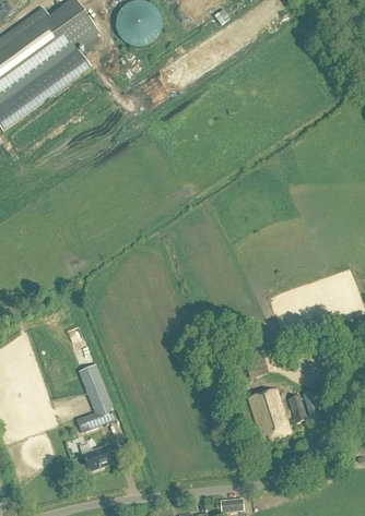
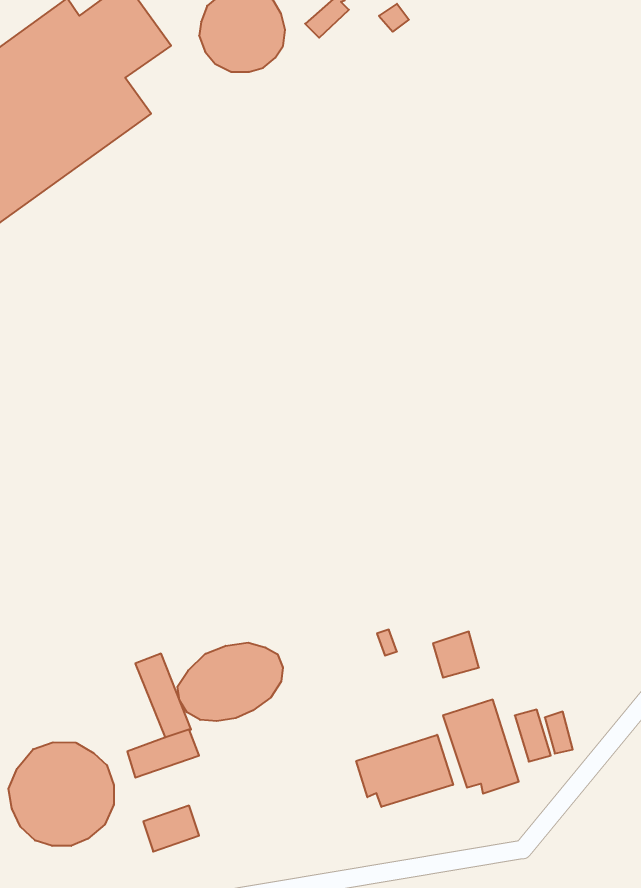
building: none -> [178,643,283,721]
building: none -> [356,735,453,807]
building: none -> [8,742,114,846]

